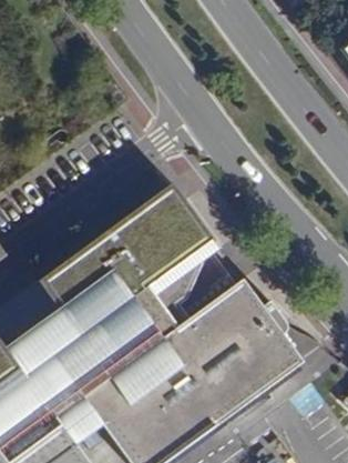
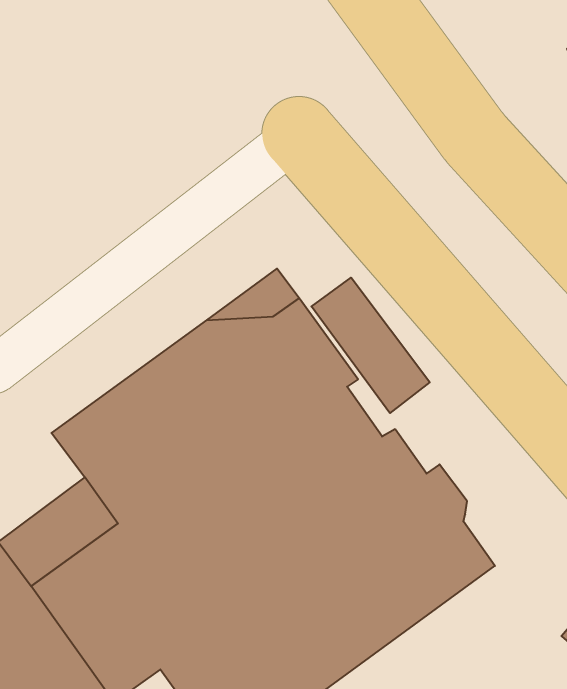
building: none -> [311,278,430,413]

